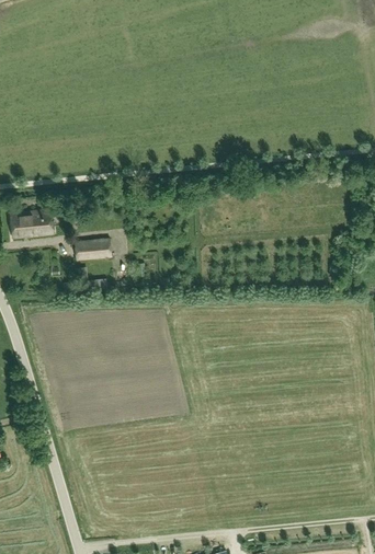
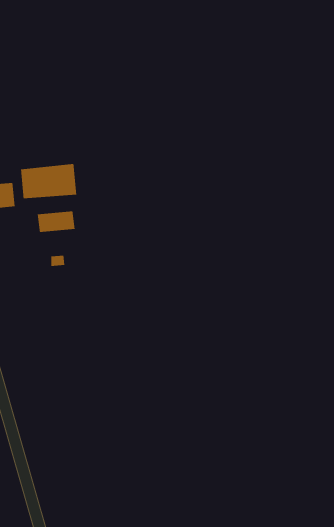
building: none -> [21,163,77,199]

